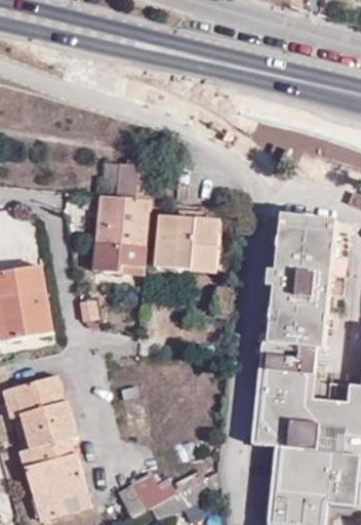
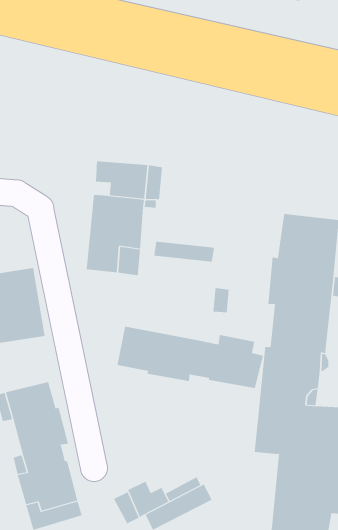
building: [157,209,216,246] -> none
building: none -> [117,326,264,389]

